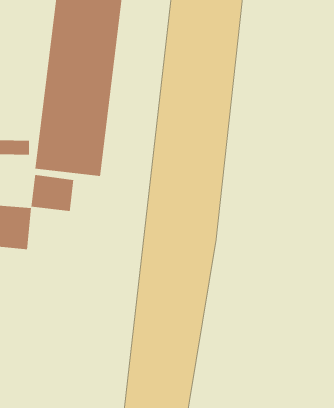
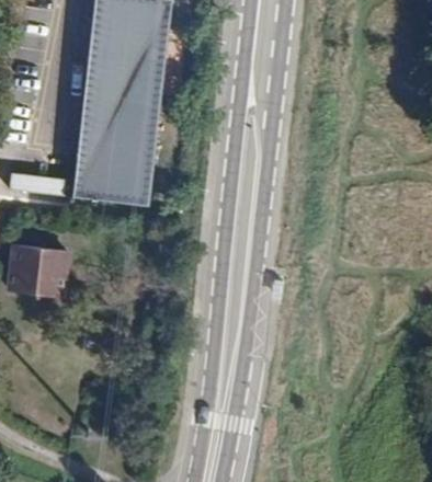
building: [31,174,74,212] -> none

